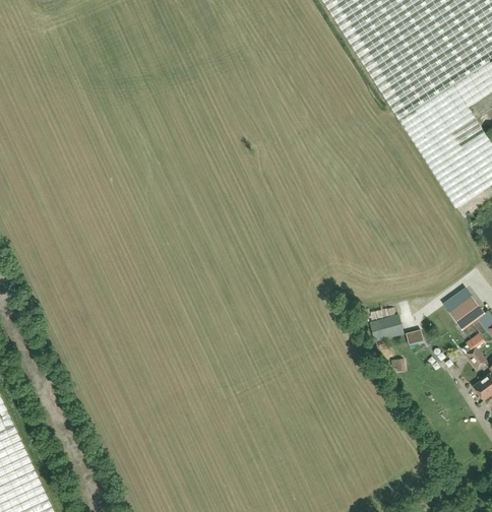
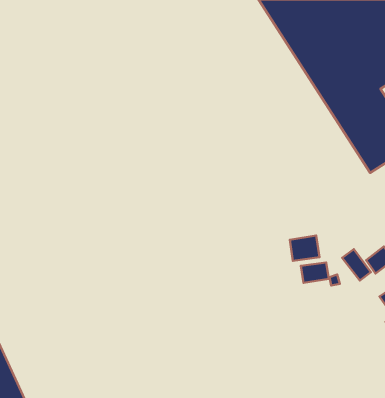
building: none -> [290,235,319,261]
building: none -> [342,249,371,281]

